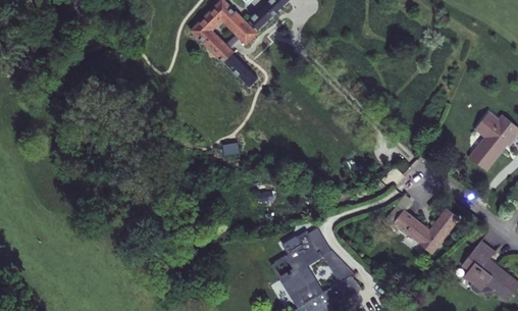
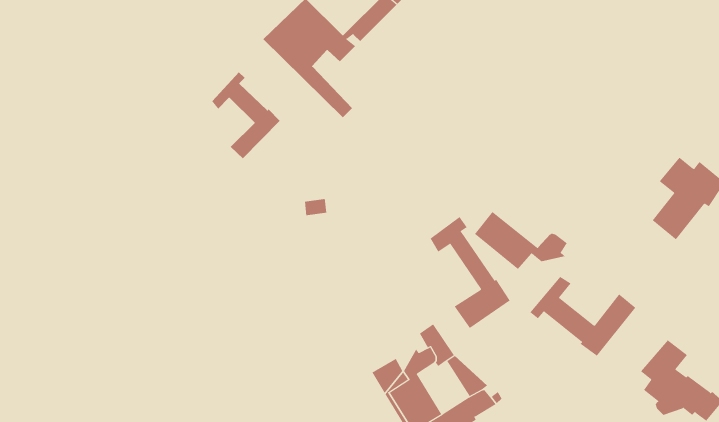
building: none -> [211,72,280,159]
building: none -> [474,211,567,270]
building: none -> [430,216,511,329]
building: [281,234,311,264] -> none

